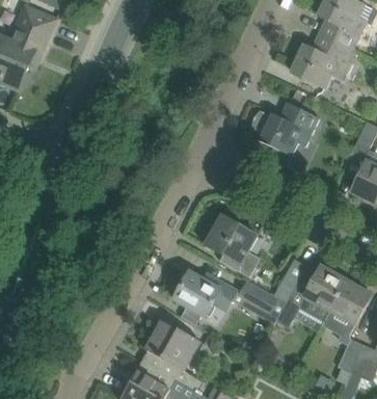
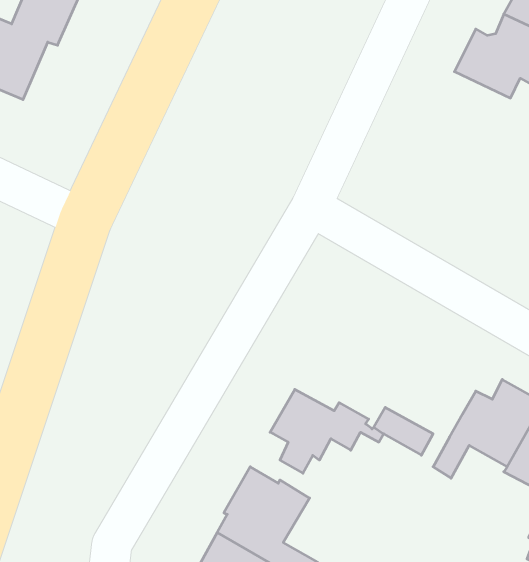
building: [250,103,319,167] -> none
building: [205,214,260,277] -> none

